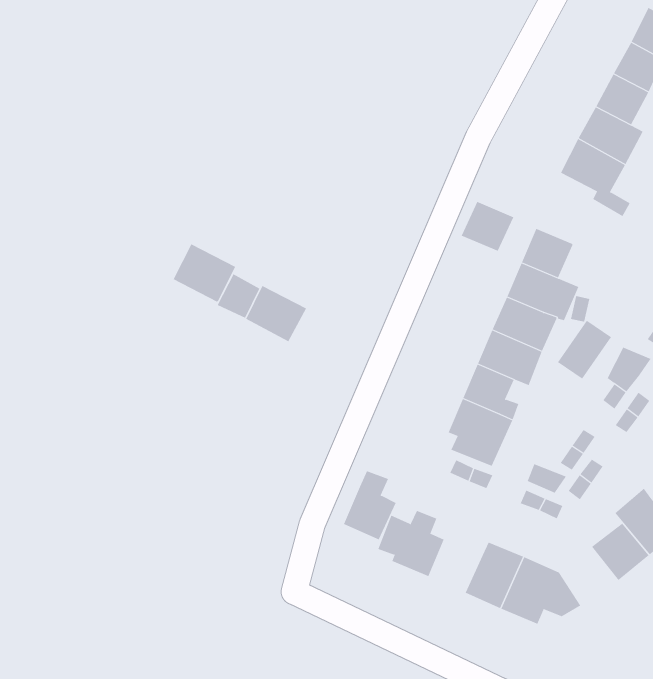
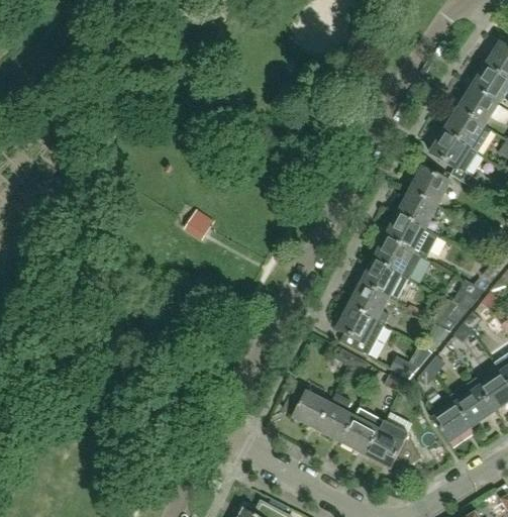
building: [461,201,514,252] -> [410,168,448,204]
building: [173,244,236,302] -> none
building: [246,285,307,342] -> none
building: [557,320,612,379] -> none
building: [343,470,396,540] -> [316,393,354,442]

